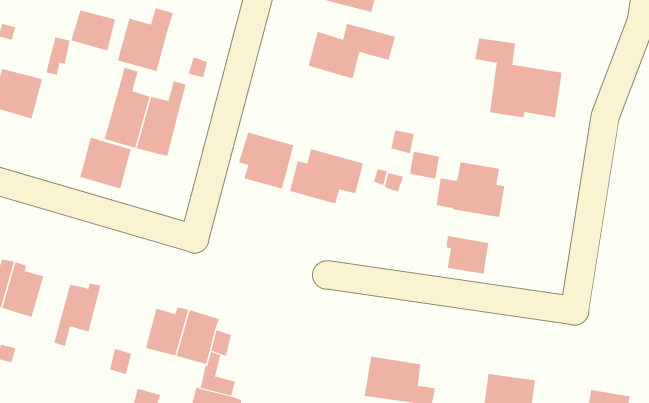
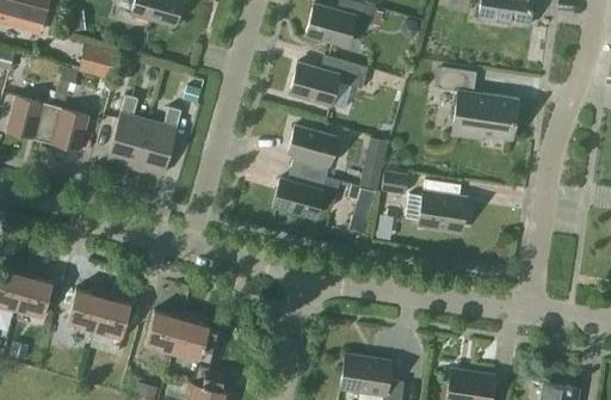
building: [117,7,174,72] -> none
building: [238,132,294,189] -> [288,125,338,177]
building: [79,137,131,189] -> [43,105,90,152]
building: [446,235,489,275] -> none
building: none -> [94,290,131,340]

